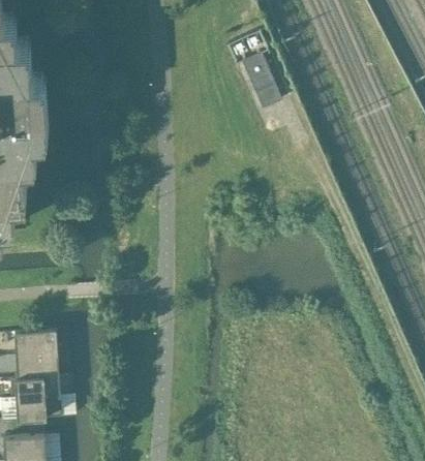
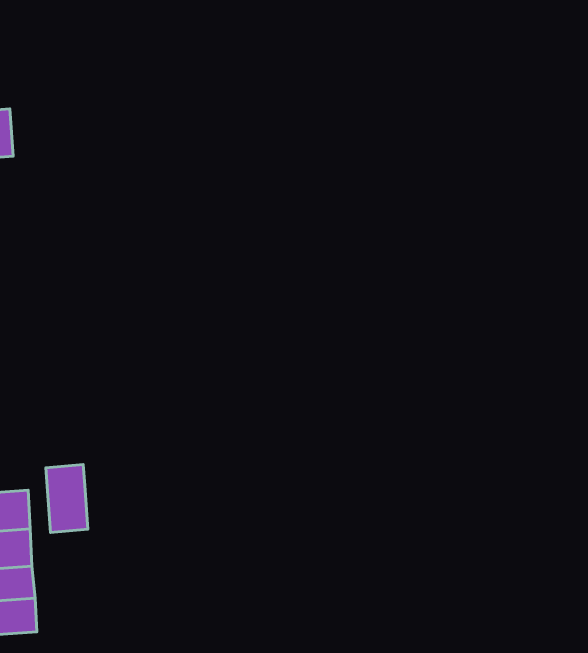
building: [241,55,281,110] -> none
building: none -> [46,465,88,532]

